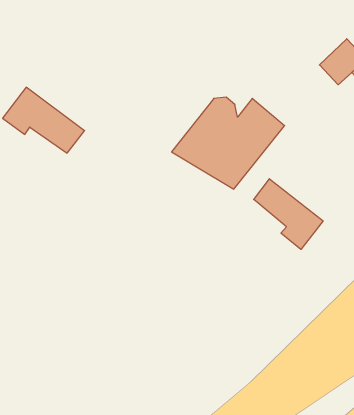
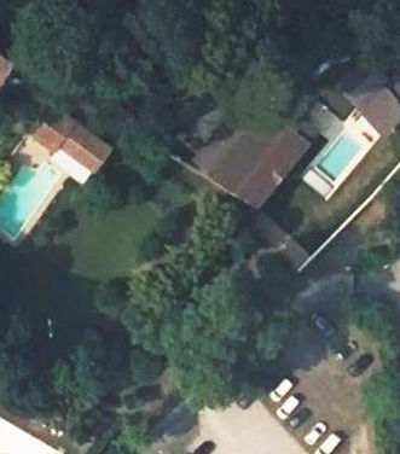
building: [254,179,323,249] -> none

